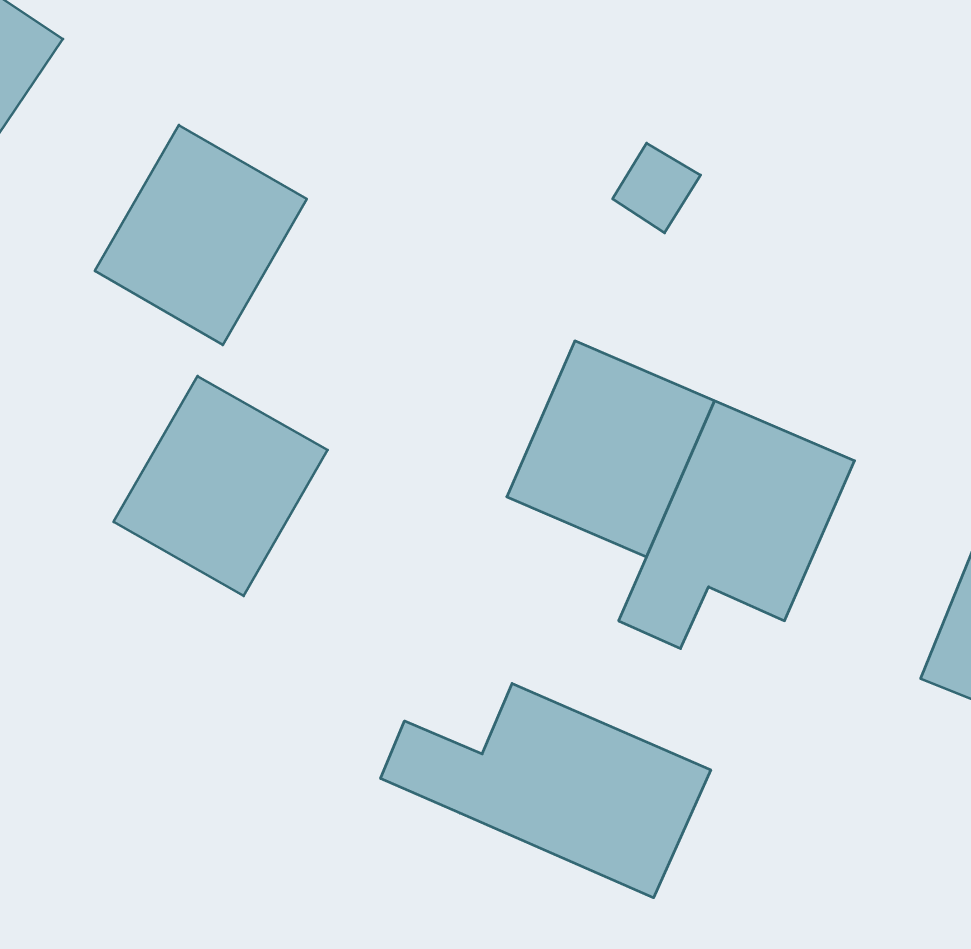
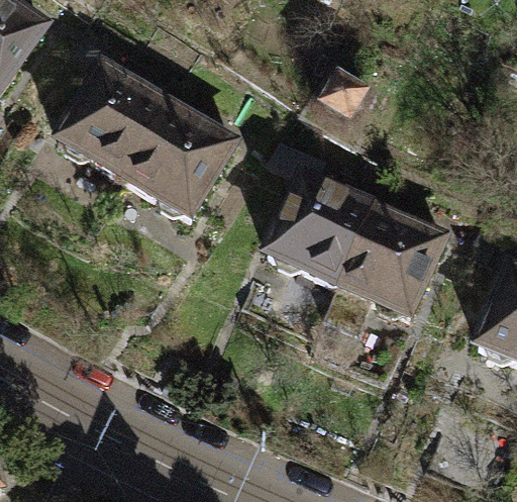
building: [114,376,328,596] -> [124,101,232,212]
building: [381,683,711,898] -> none

